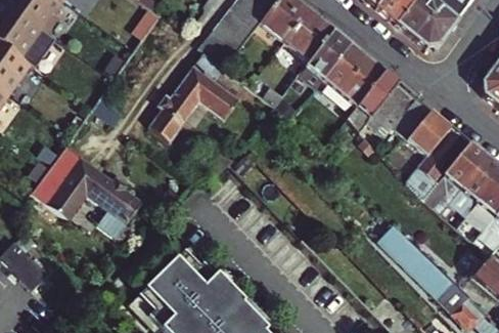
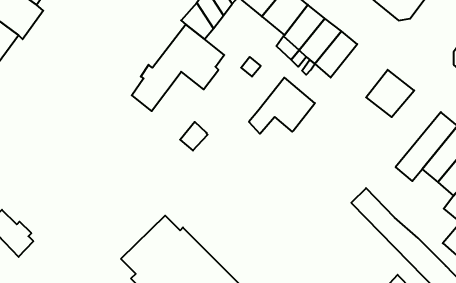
building: [347,71,415,129] -> [249,78,315,134]
building: [406,119,470,199] -> none
building: [32,145,142,236] -> none

